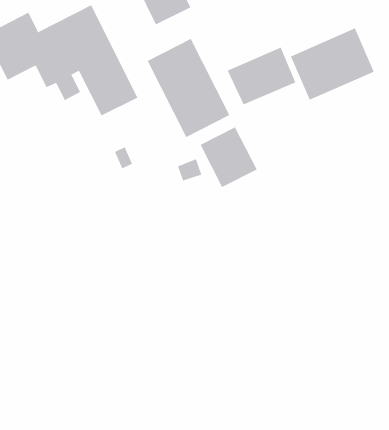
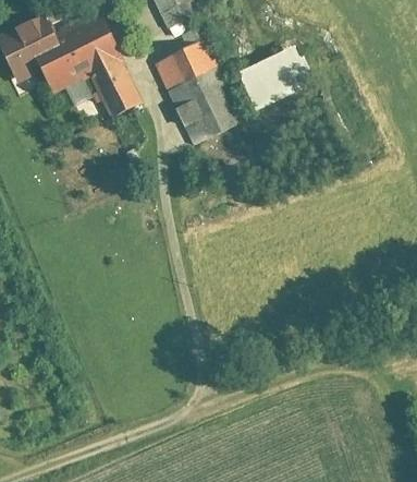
building: [290,27,374,101] -> none
building: [200,126,257,188] -> none

